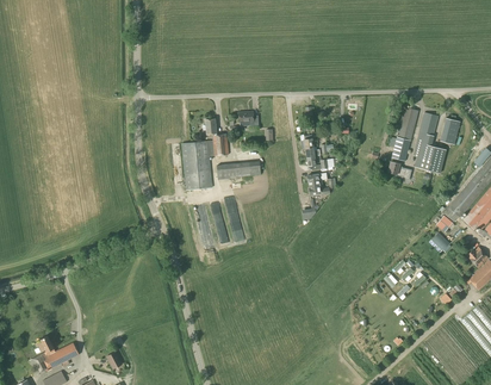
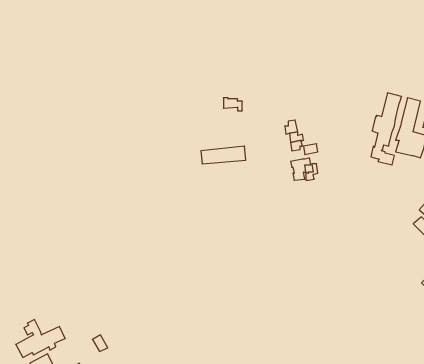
building: [182,119,228,190] -> none

